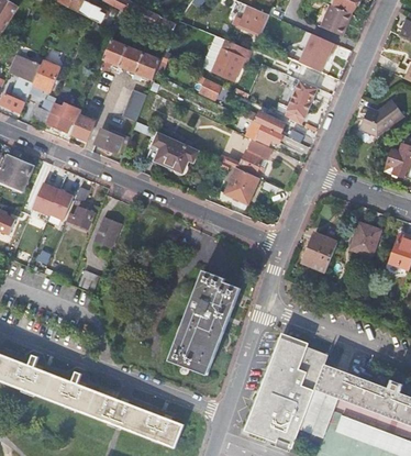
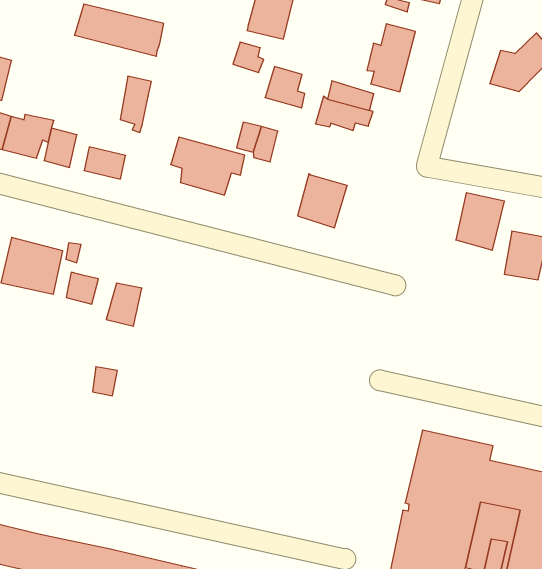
building: [237,149,263,178] -> [265,66,305,108]
building: [302,233,336,271] -> [456,193,504,250]
building: [169,269,242,375] -> none

